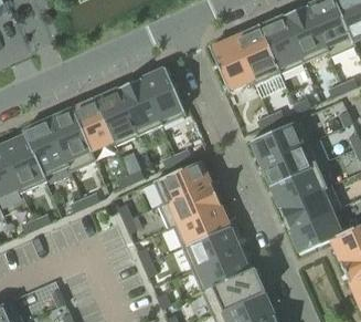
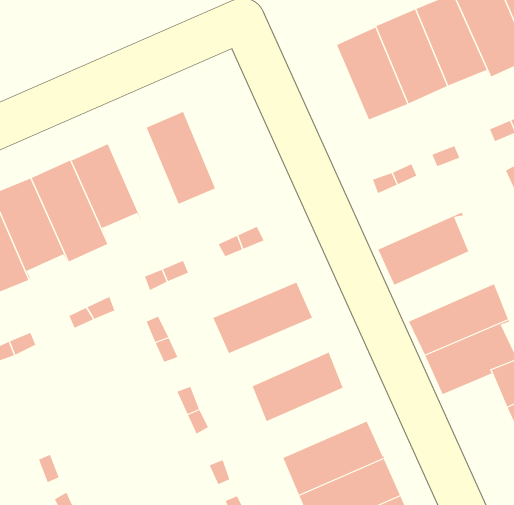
building: [209,37,254,90] -> none
building: [140,66,185,125] -> none
building: [94,87,137,145] -> none
building: [249,117,311,163] -> none
building: [152,159,210,205] -> none
building: [269,164,331,207] -> none
building: [168,205,230,247] -> none
building: [191,248,254,291] -> none

